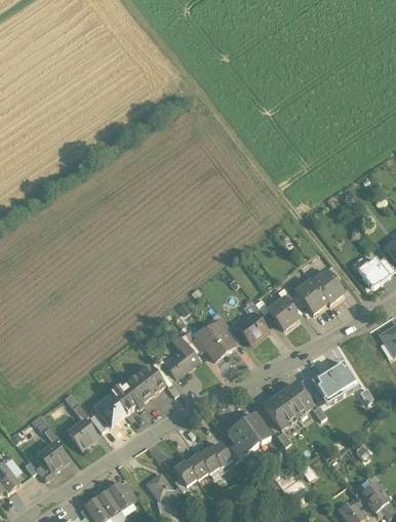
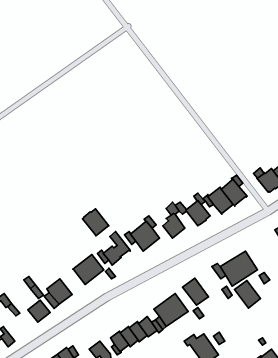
building: none -> [83,209,109,236]
building: [279,384,312,418] -> [234,281,261,308]
building: [110,385,144,415] -> none
building: [40,445,68,473] -> none

